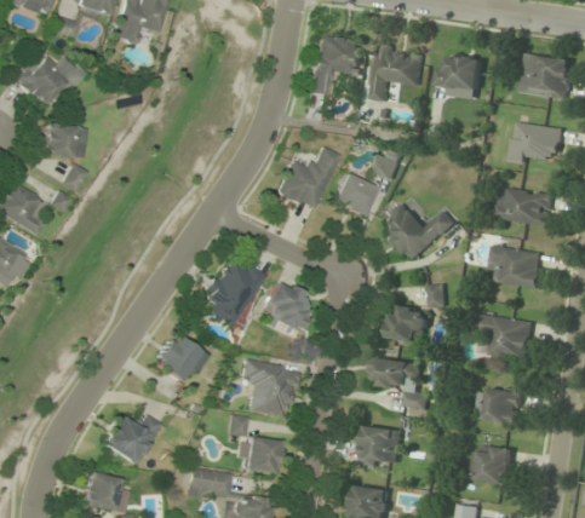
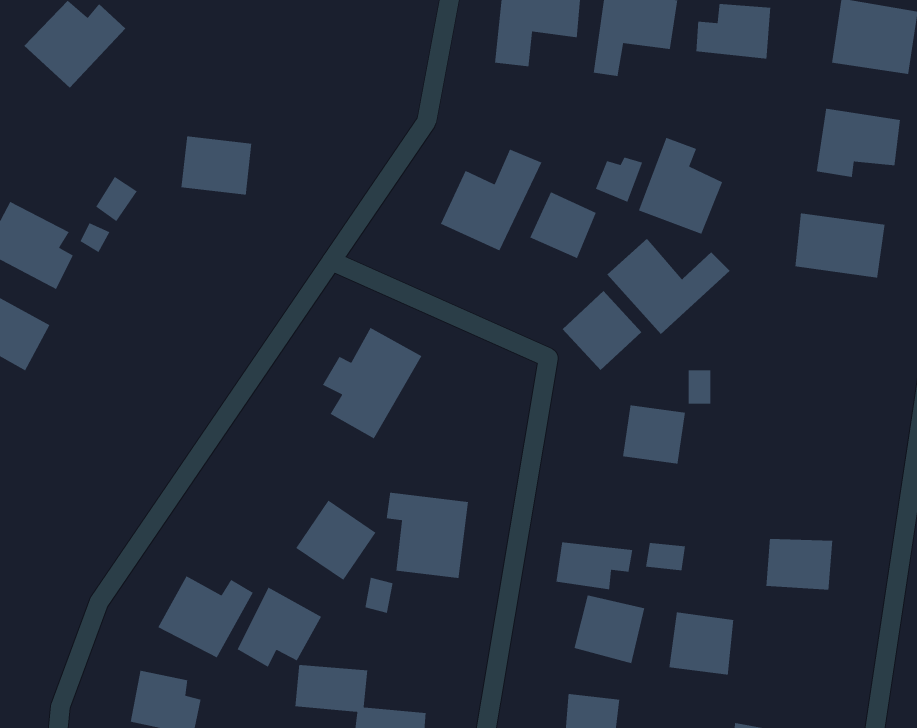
building: [40,122,85,160] -> [181,135,252,195]
building: none -> [638,137,723,235]
building: none -> [562,290,642,371]
building: [491,246,544,289] -> none
building: [265,281,309,333] -> none
building: [477,313,535,361] -> none
building: [153,333,203,384] -> [295,500,376,581]
building: [373,358,421,388] -> [556,542,633,590]
building: none -> [236,587,322,668]
building: [242,436,280,474] -> none
building: [472,445,514,485] -> [668,612,734,676]

